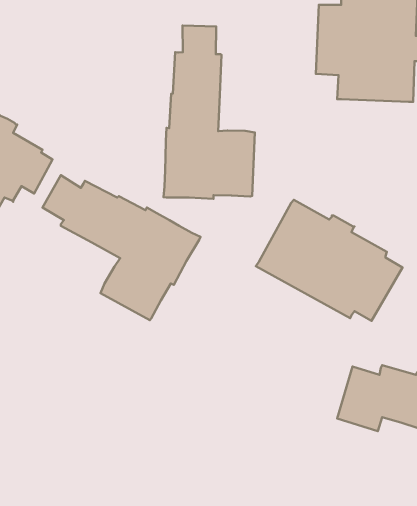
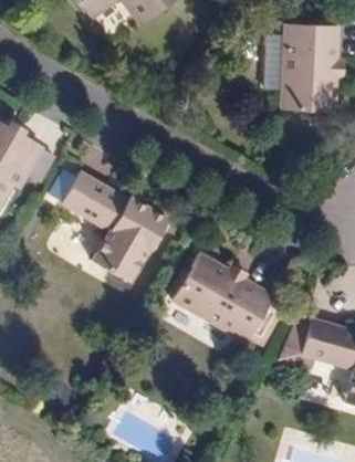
building: [164,25,255,199] -> none
building: [256,200,402,321] -> [171,252,286,347]

